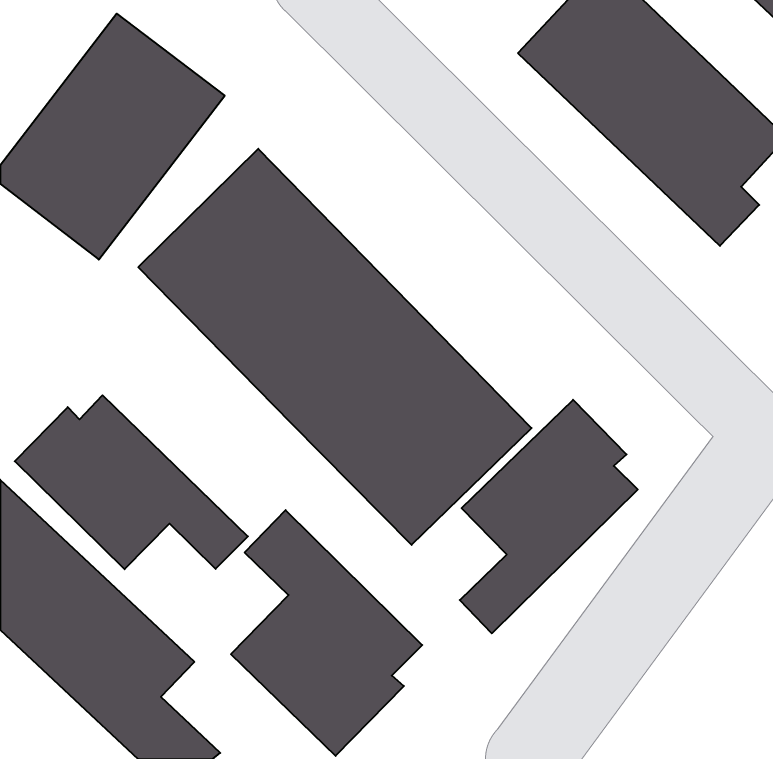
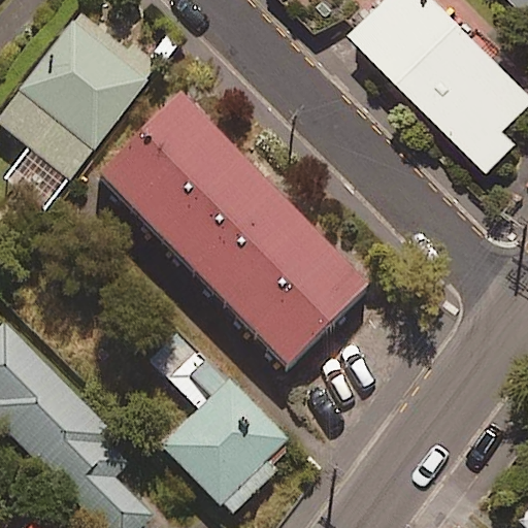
building: [15,395,248,569] -> none
building: [460,400,638,633] -> none

